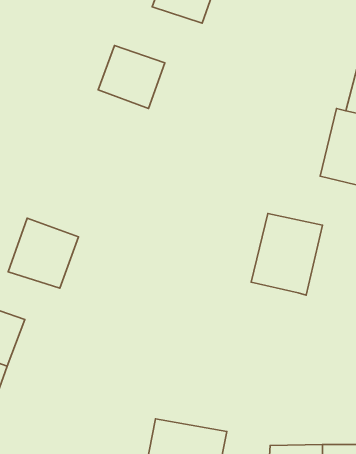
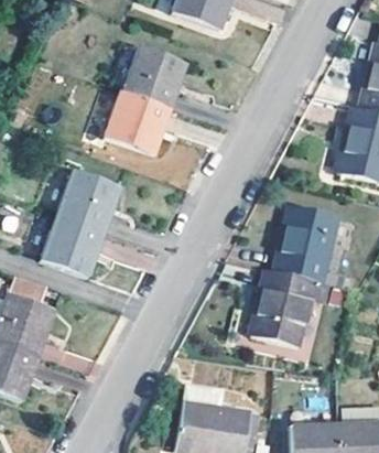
building: none -> [108,89,173,152]
building: none -> [58,171,121,228]
building: none -> [234,269,314,348]

